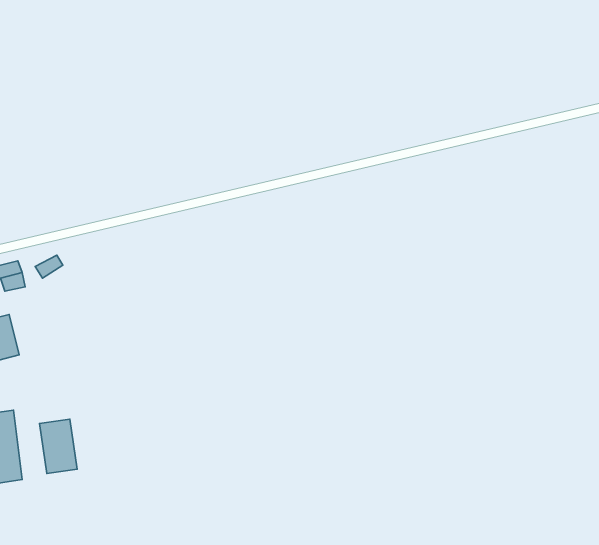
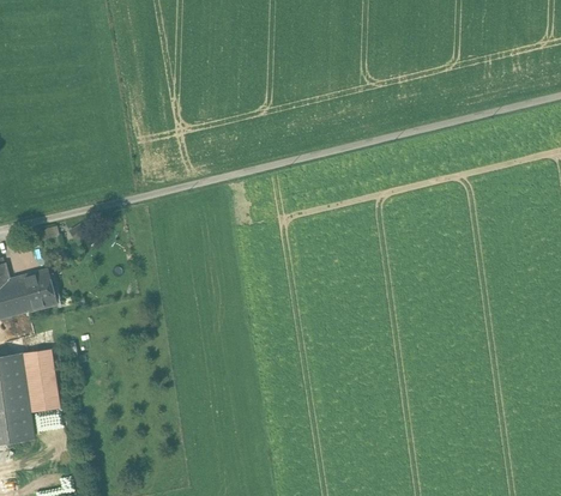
building: [40,419,77,473] -> none

